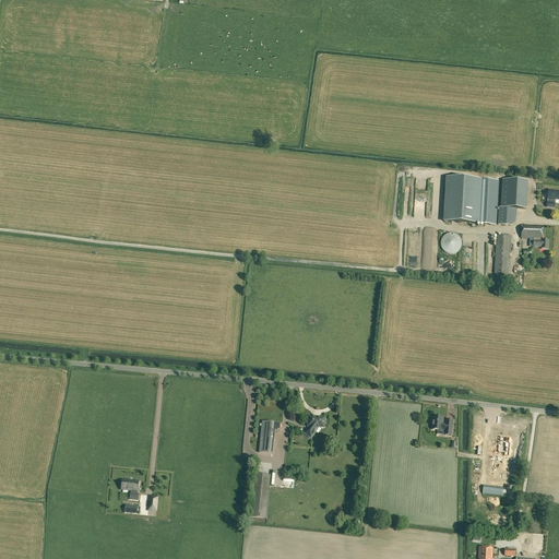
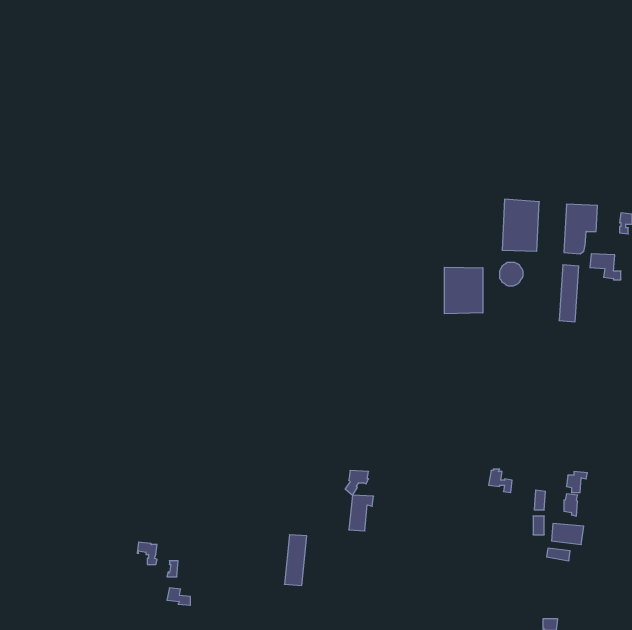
building: [474,178,499,224] -> none
building: none -> [444,267,483,314]
building: [259,420,281,452] -> [349,495,374,531]

